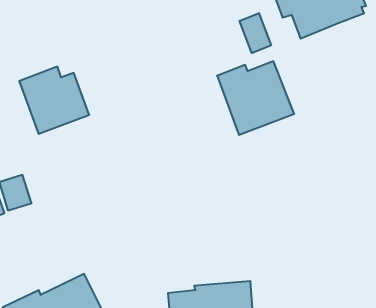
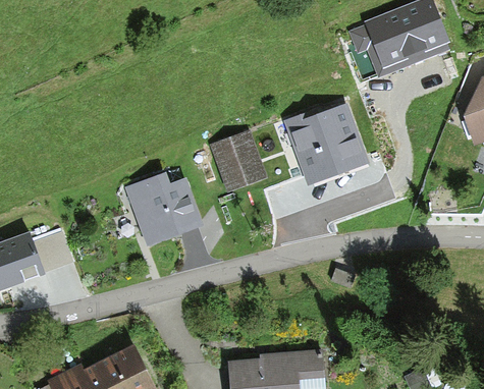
building: [240,13,271,53] -> none
building: [19,67,89,134] -> [124,170,203,245]
building: none -> [209,130,266,191]

